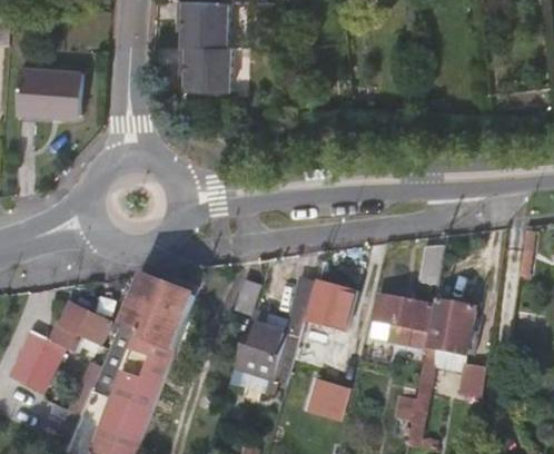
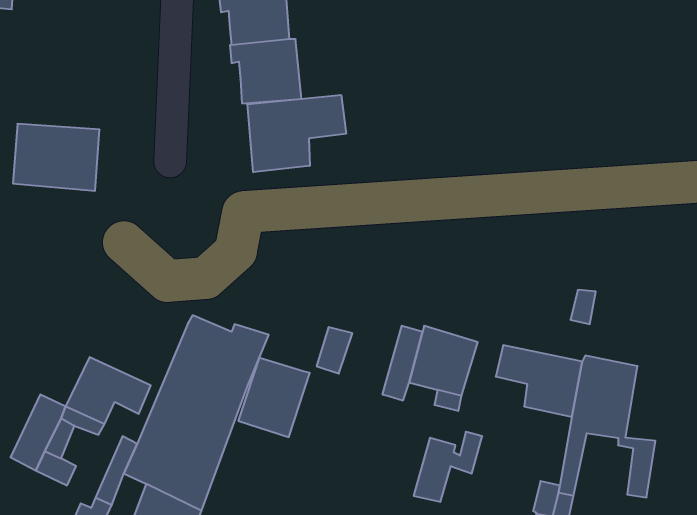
building: [20,63,85,114] -> [13,124,100,191]
building: none -> [248,95,346,172]
building: [237,318,290,377] -> [238,358,310,437]

